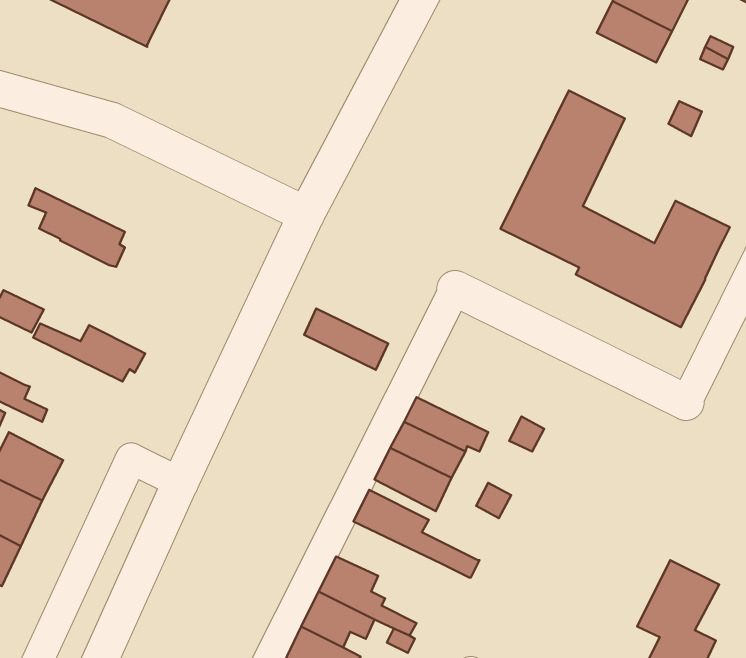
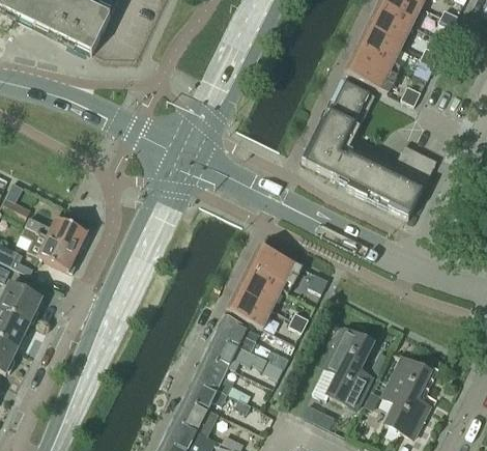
building: none -> [345,45,401,92]
building: [29,188,125,267] -> [21,225,78,272]
building: [304,308,388,370] -> [252,245,302,281]
building: none -> [313,328,373,408]
building: none -> [204,334,268,369]

